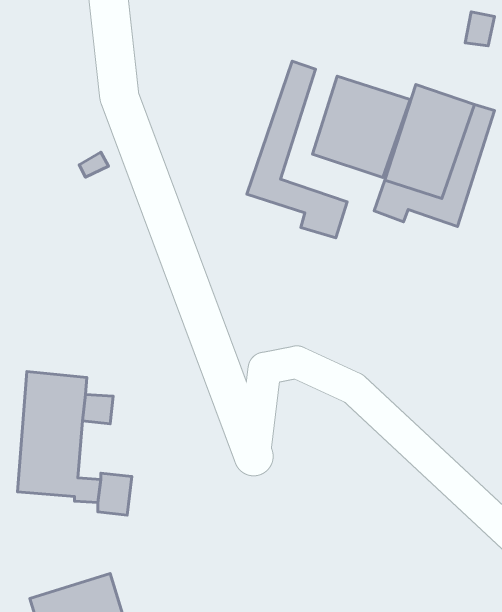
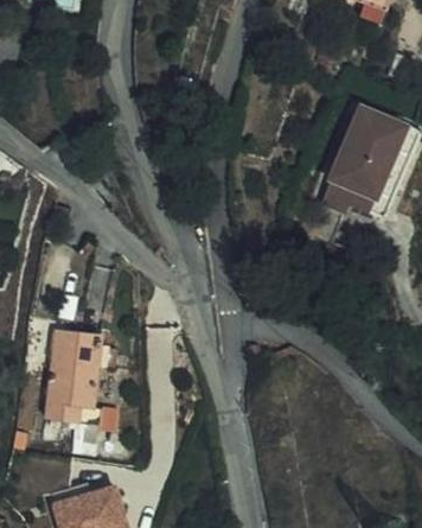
building: [247,61,347,238] -> none
building: [313,76,410,177] -> none

